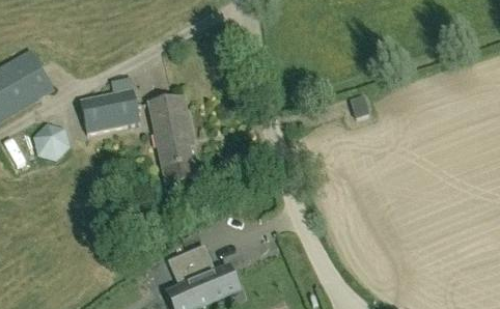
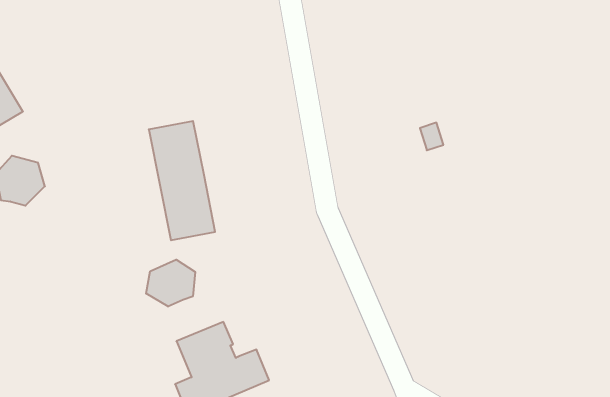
building: [81,77,141,133] -> none
building: none -> [146,260,195,307]

